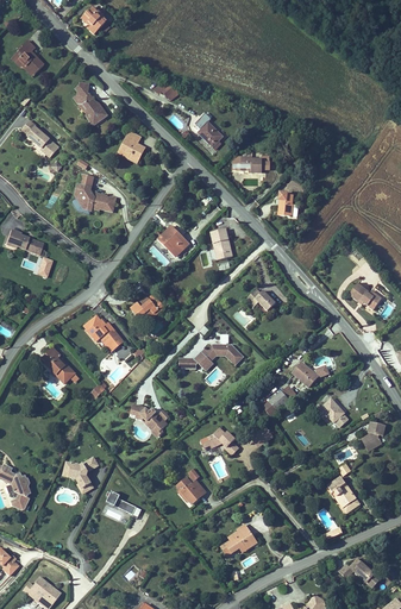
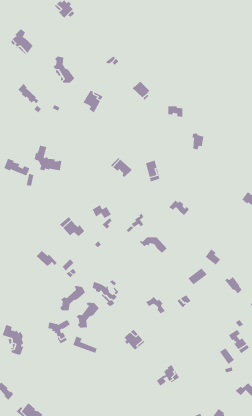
building: [74,176,114,213] -> [34,145,62,171]
building: none -> [60,285,86,311]
building: none -> [76,302,99,329]

